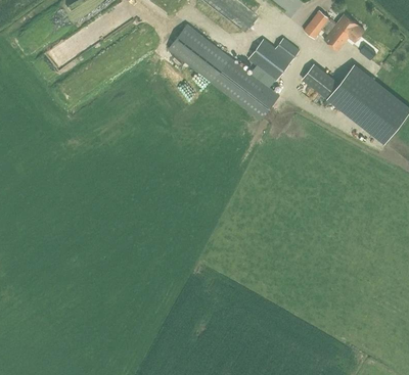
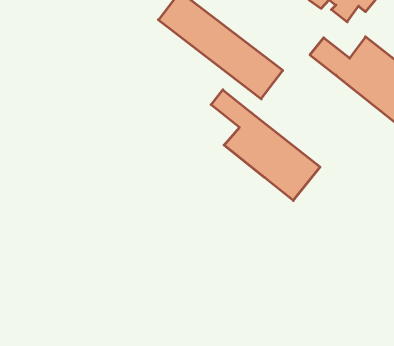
building: [246,39,298,82] -> none
building: none -> [211,90,320,201]

